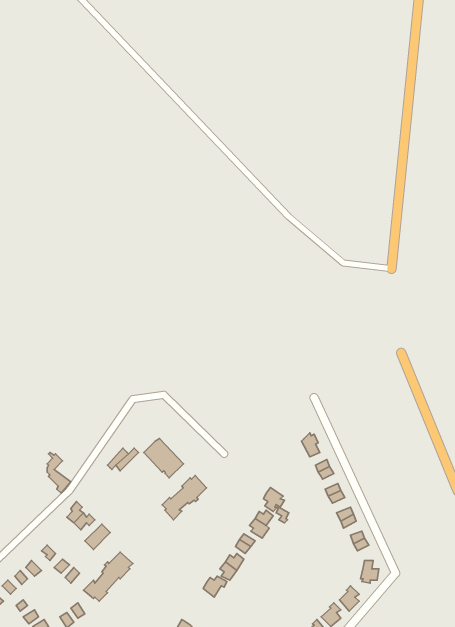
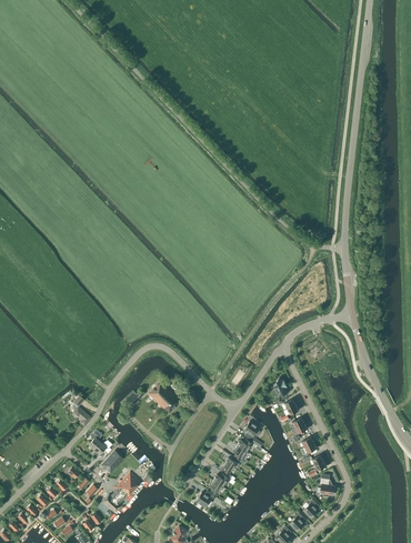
building: [162,475,206,520] -> none

